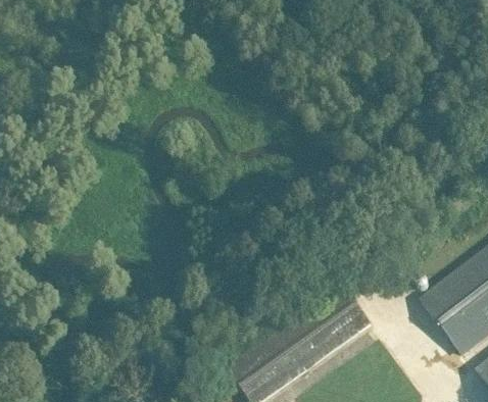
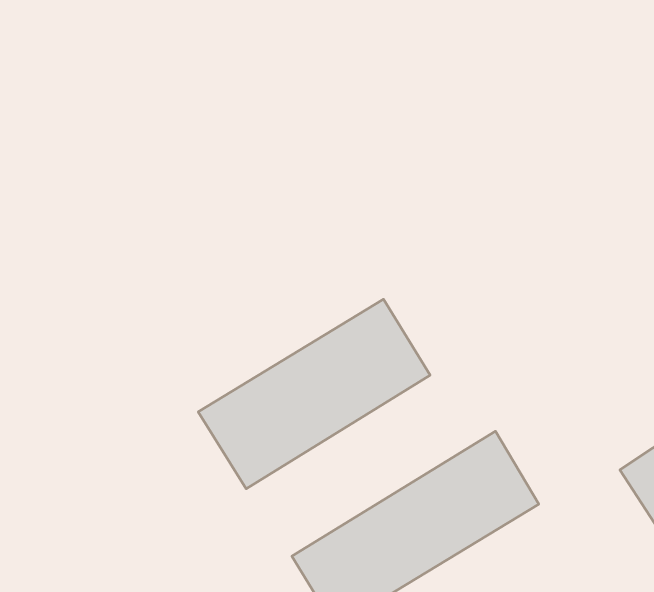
building: none -> [198,299,430,489]

